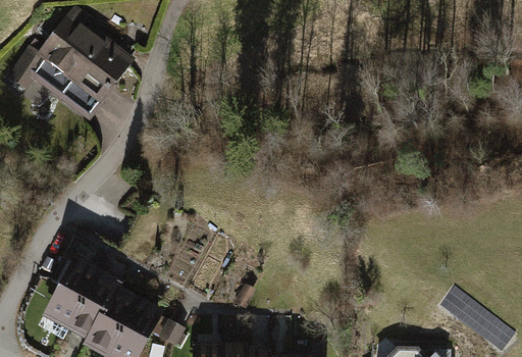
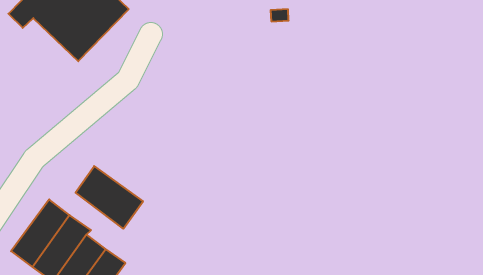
building: none -> [76,166,143,229]

